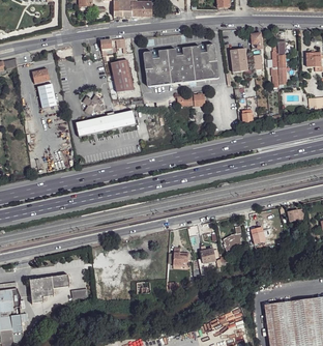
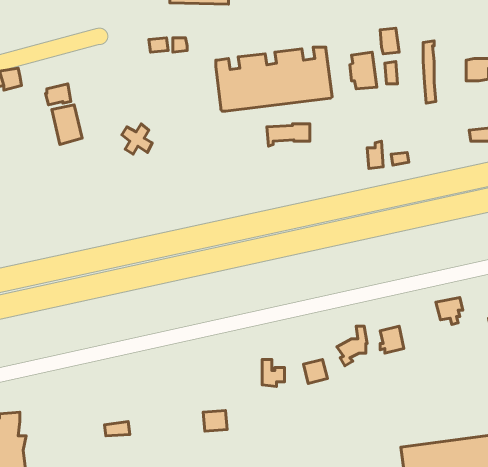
building: [111,59,135,92] -> none
building: [76,110,137,137] -> none
building: [29,275,69,302] -> none

